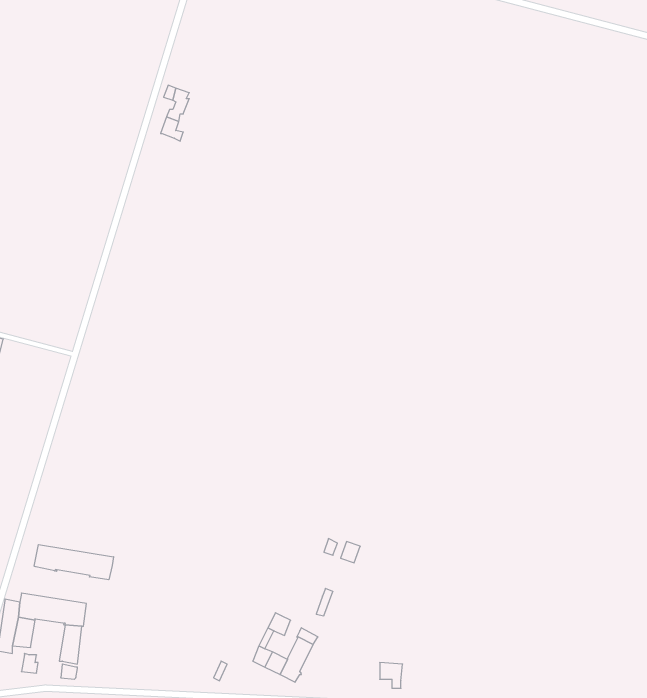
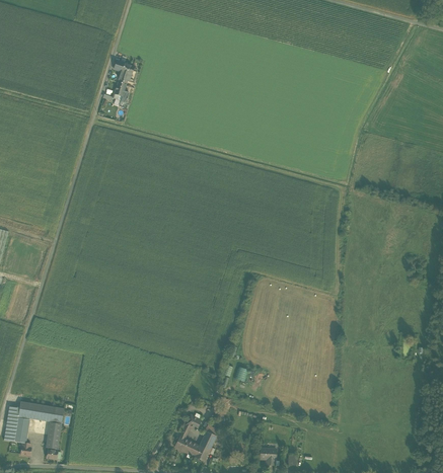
building: [34,545,114,580] -> none

